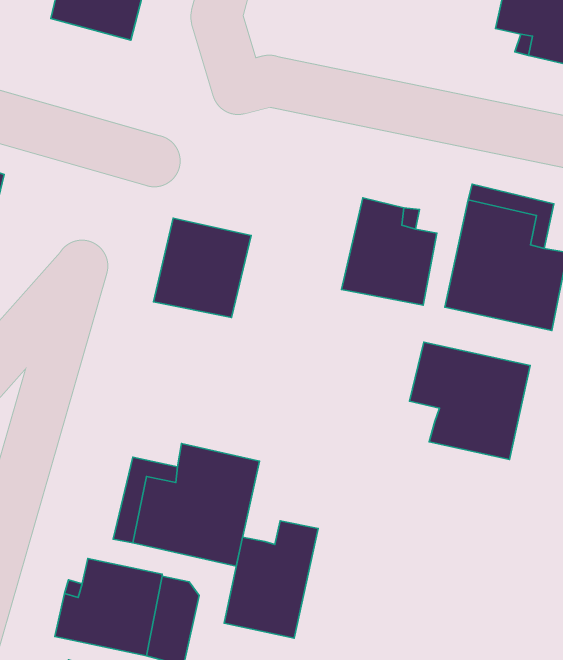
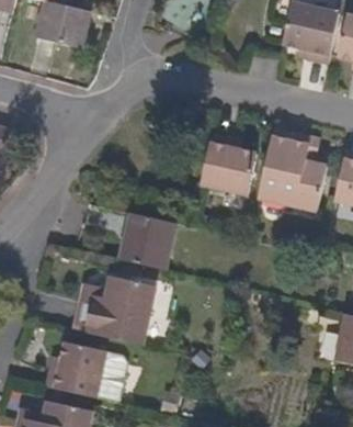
building: [154,218,251,317] -> [117,213,172,269]
building: [410,342,530,460] -> none
building: [224,521,318,638] -> none

